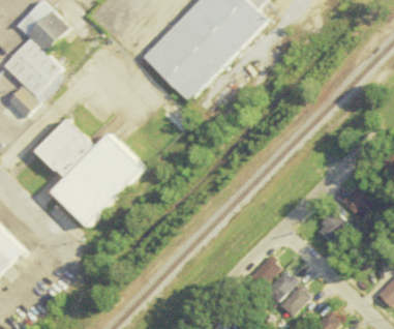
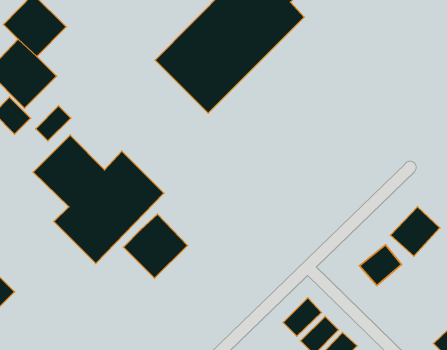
building: none -> [36,106,71,141]
building: none -> [123,214,188,278]

